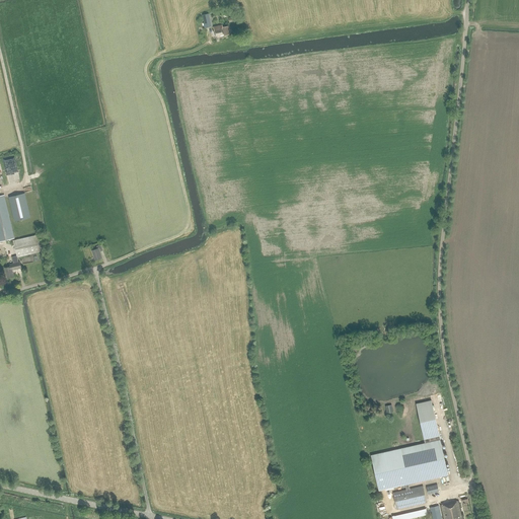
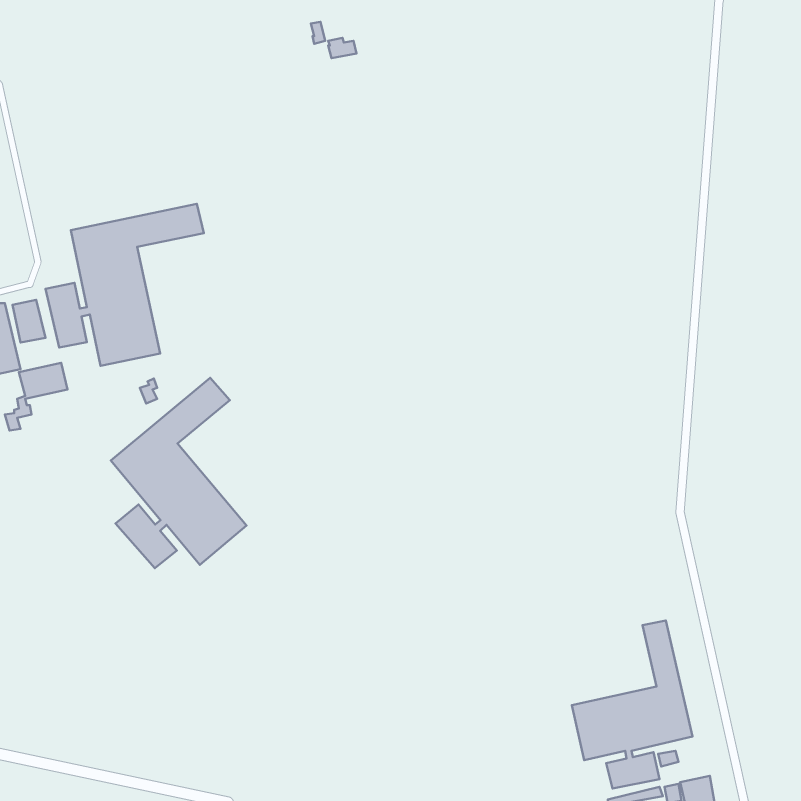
building: none -> [46,204,204,366]
building: none -> [111,378,247,568]

